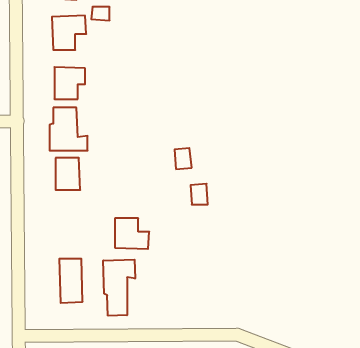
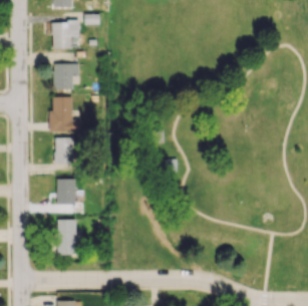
building: [115,218,149,249] -> [56,179,84,204]
building: [103,260,135,316] -> none

